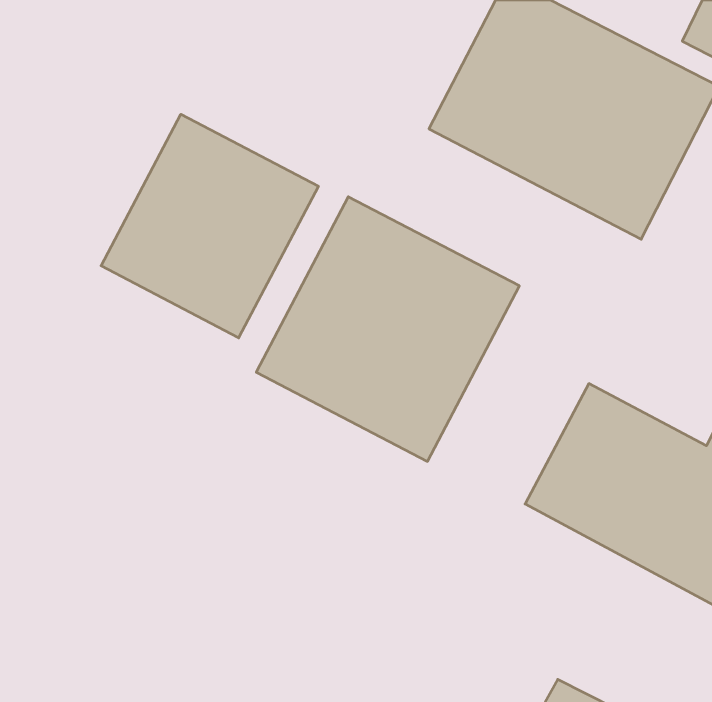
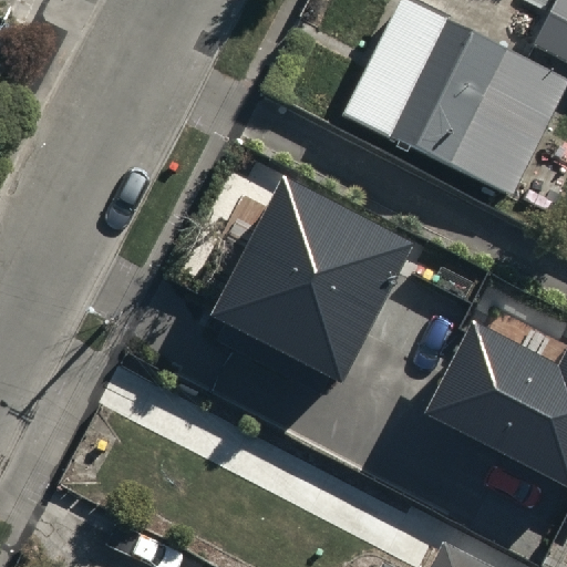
building: [101,114,318,338] -> none

